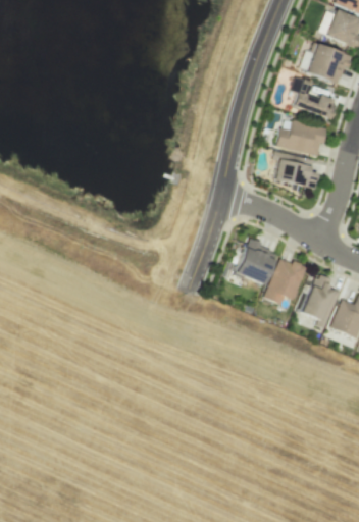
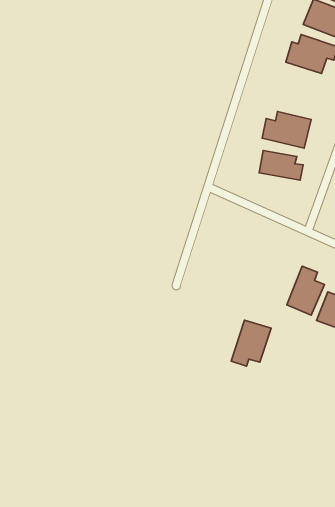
building: [289,76,334,118] -> none
building: [237,240,277,284] -> none
building: [267,258,307,304] -> [231,320,271,366]

